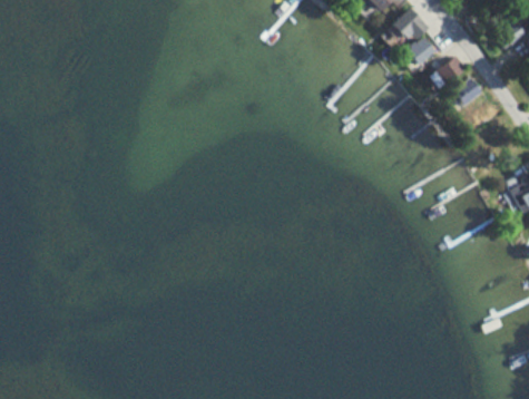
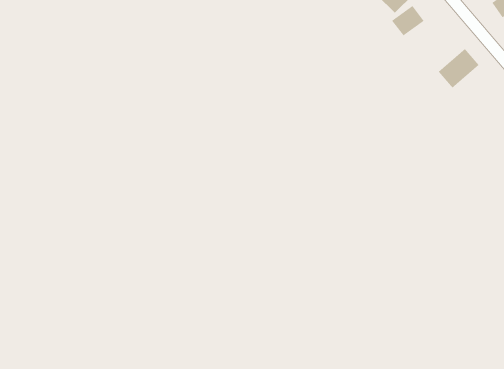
building: [435,59,466,85] -> none

